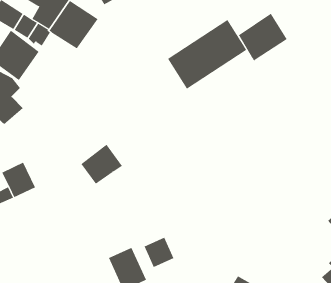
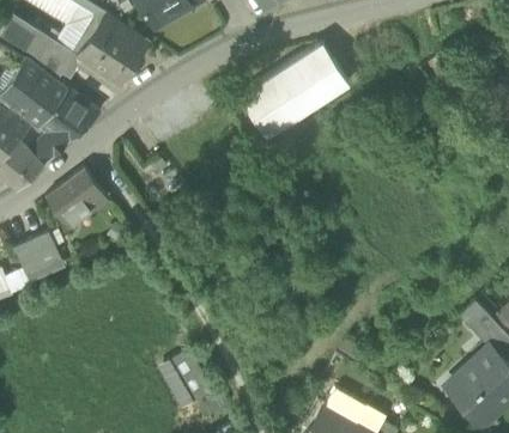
building: [238,13,288,61] -> none
building: none -> [29,86,101,163]
building: [81,144,123,184] -> [48,170,105,225]
building: [144,237,174,268] -> none

